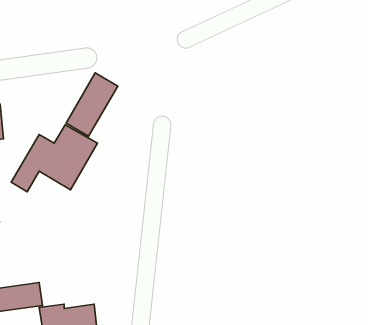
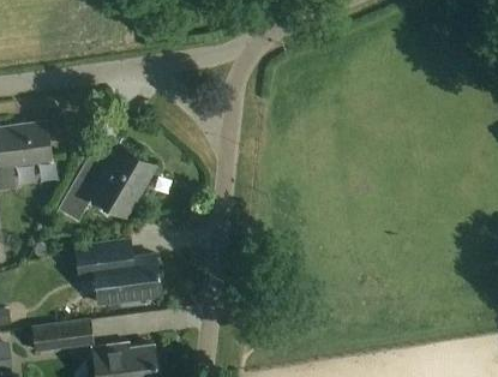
building: [66,73,118,136] -> none
building: none -> [76,238,161,303]

